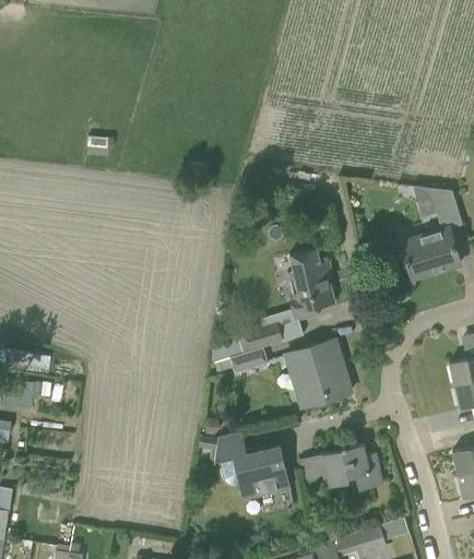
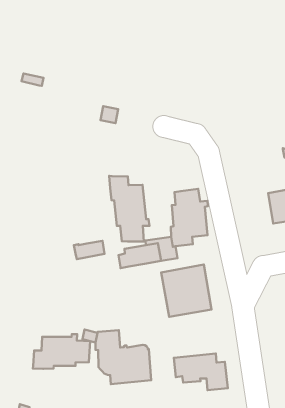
building: none -> [109,176,150,242]
building: [228,348,266,374] -> [74,241,105,259]
building: none -> [33,334,90,369]

